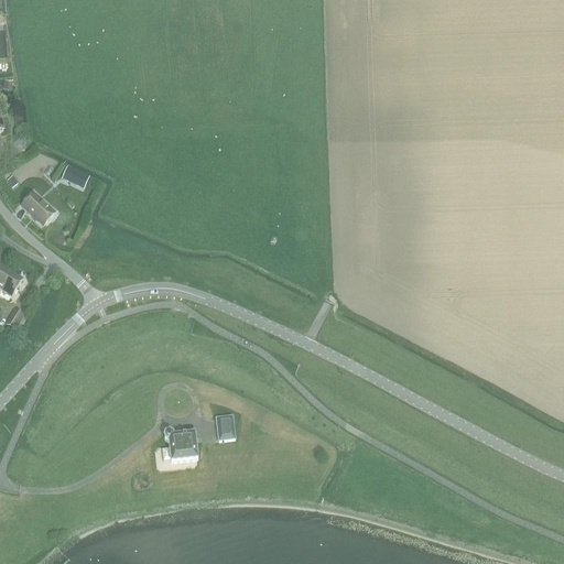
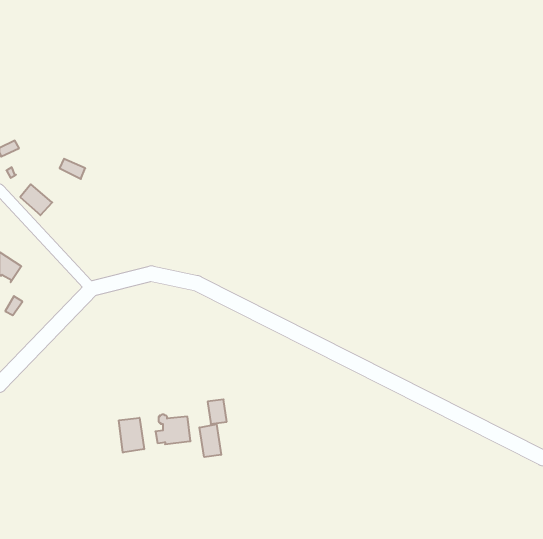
building: none -> [119,418,144,453]
building: none -> [199,424,221,457]

